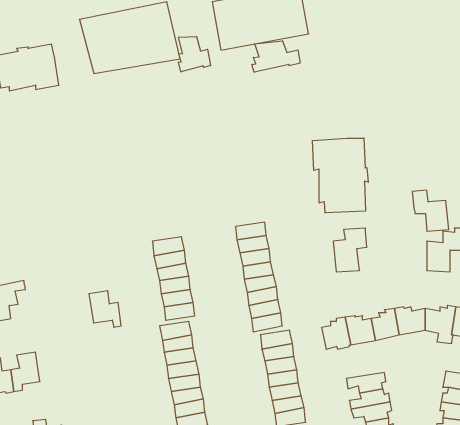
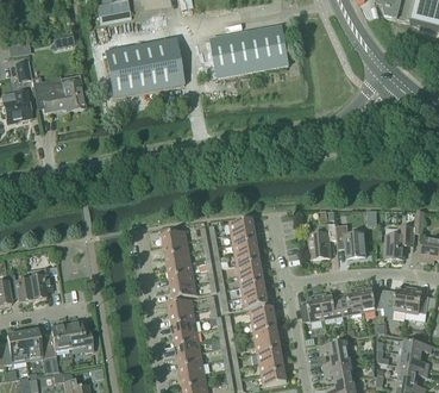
building: [178,36,211,72] -> none
building: [252,41,300,72] -> none
building: [313,138,368,213] -> none
building: [412,190,449,231] -> [335,224,365,257]
building: [89,291,121,327] -> [67,322,93,351]

